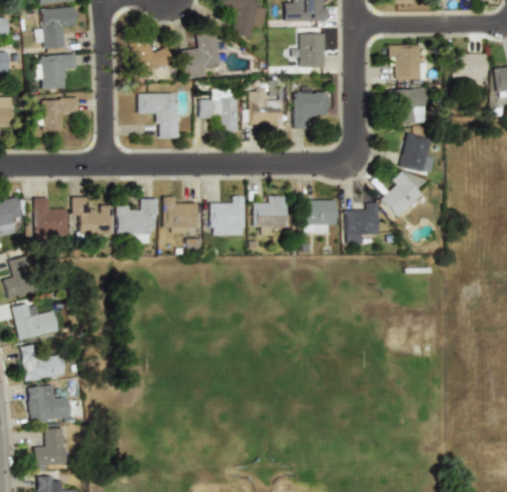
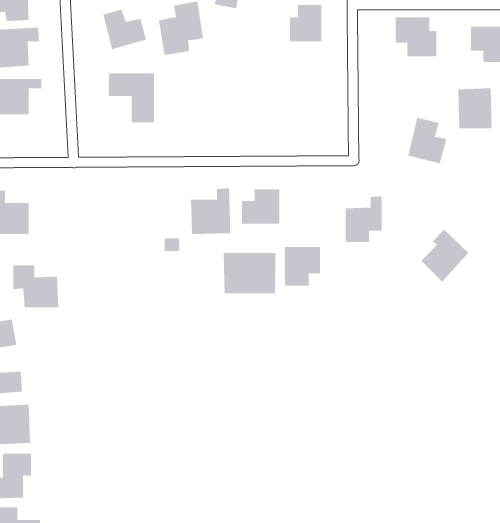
building: [294,87,329,128] -> none
building: [396,88,427,124] -> [457,88,493,129]
building: [198,90,237,132] -> none
building: [248,92,283,130] -> none
building: [381,172,424,219] -> [420,229,469,282]
building: [72,197,113,235] -> [12,265,59,308]
building: [117,198,158,243] -> none
building: [164,199,197,232] -> none
building: [304,199,336,234] -> [284,246,321,286]
building: none -> [223,252,276,294]

